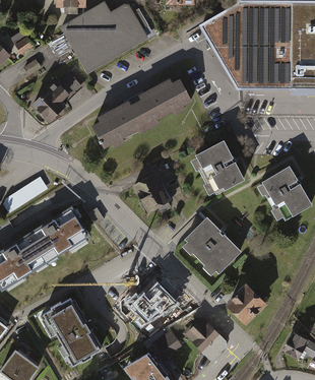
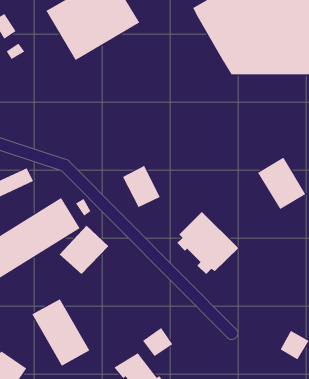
building: [32,72,82,125] -> none
building: [89,75,192,150] -> none
building: [191,141,247,196] -> none
building: [132,272,180,320] -> [59,225,109,275]
building: [226,283,262,319] -> none
building: [185,316,223,354] -> none

